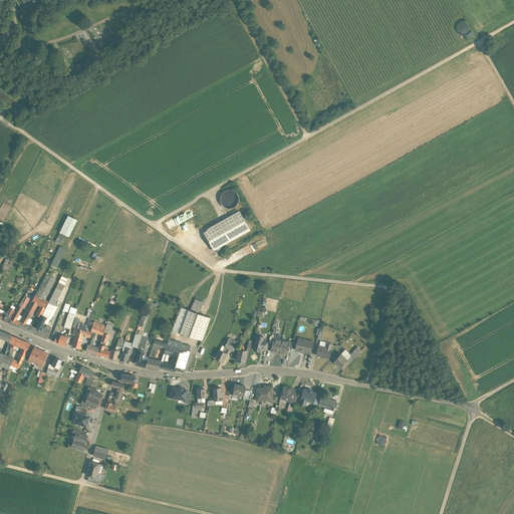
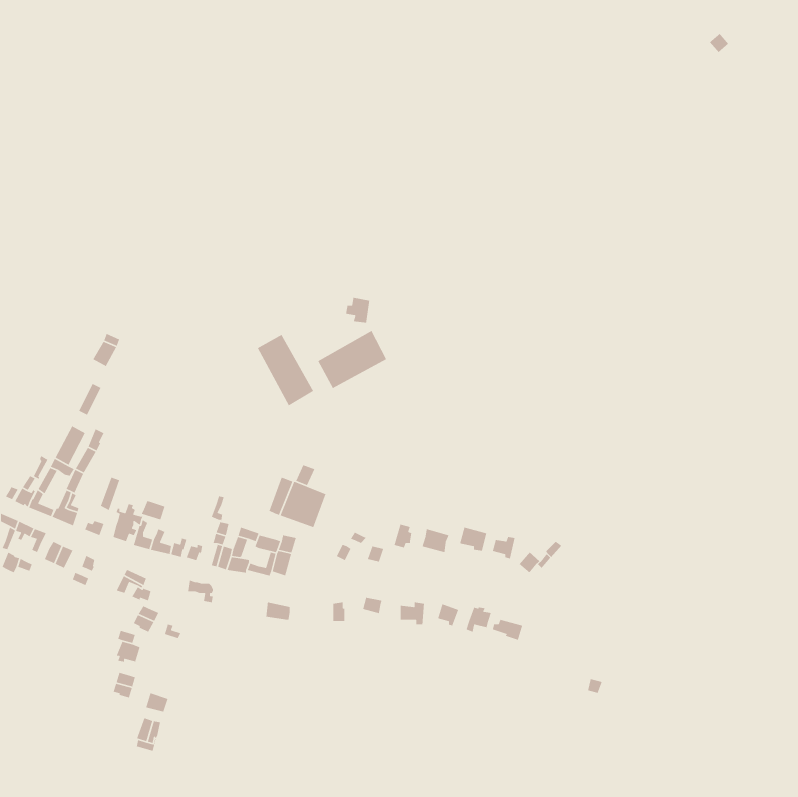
building: none -> [257,334,314,406]

